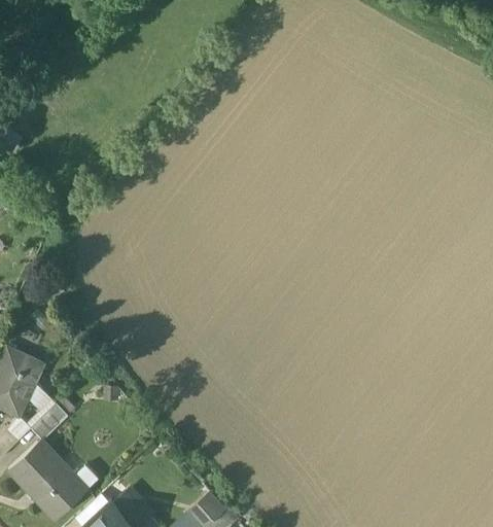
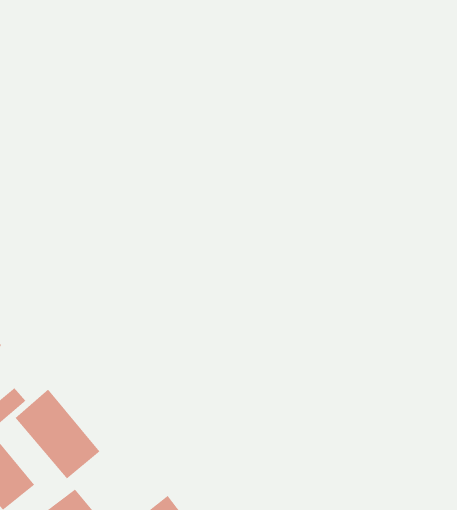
building: none -> [14,389,101,479]

